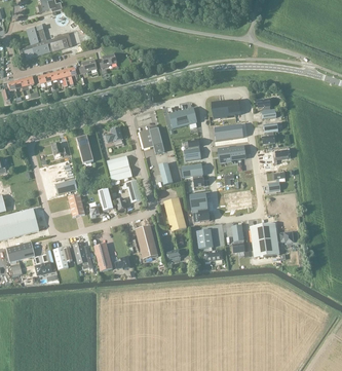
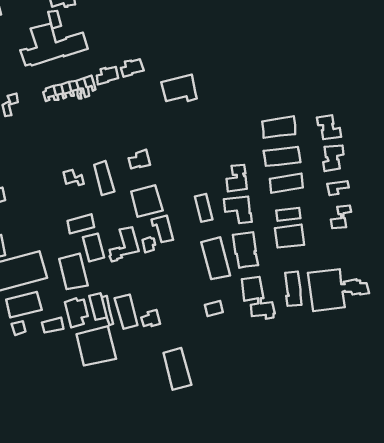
building: [168,106,197,127] -> [161,74,197,101]
building: [139,123,164,152] -> none
building: none -> [59,254,88,289]
building: [136,225,158,259] -> [163,348,191,390]
building: none -> [76,326,116,365]

